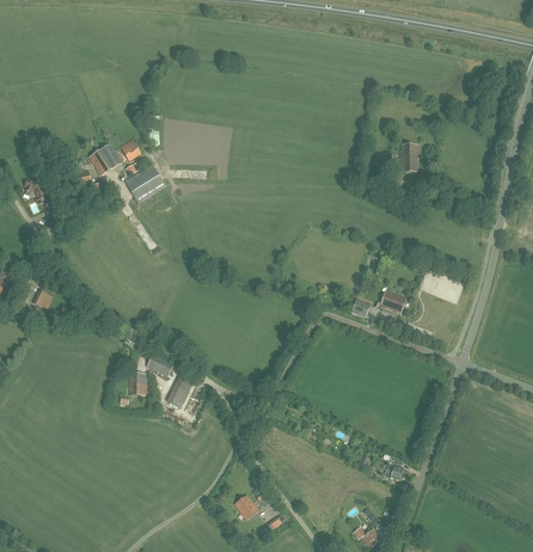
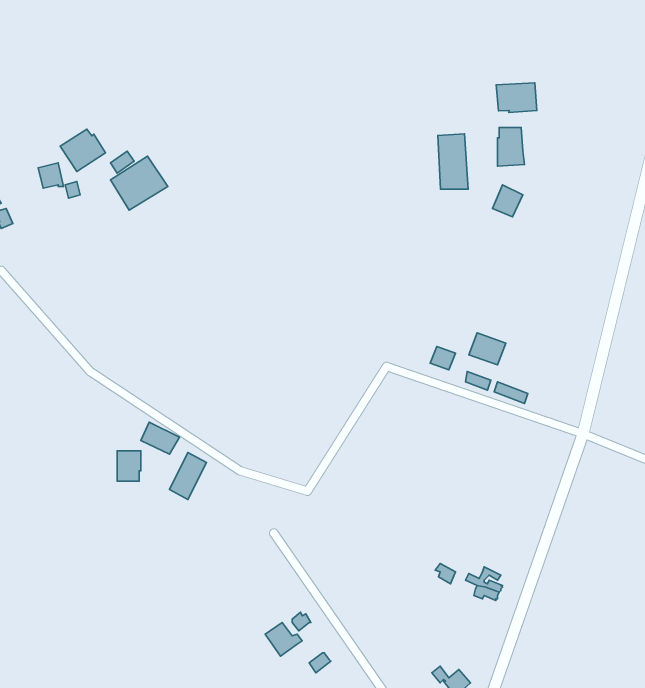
building: none -> [496,83,537,113]
building: none -> [438,134,468,189]

